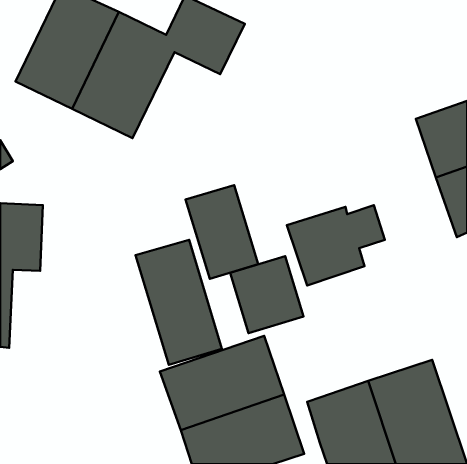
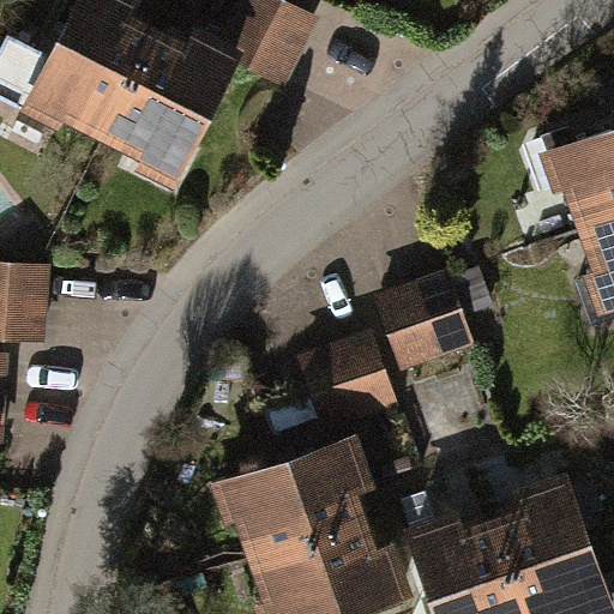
building: [185,185,258,279] -> none
building: [136,240,222,365] -> none

